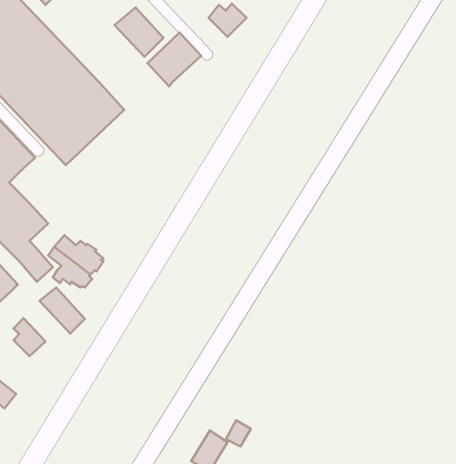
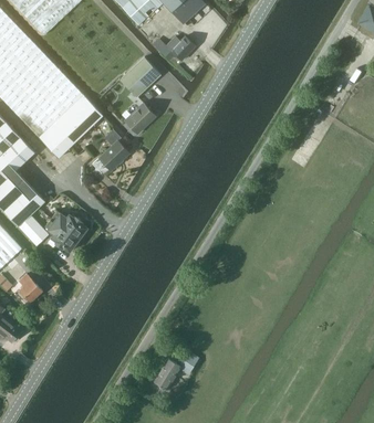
building: [114,7,163,57] -> none
building: none -> [124,102,155,134]
building: none -> [92,139,129,170]
building: [40,288,85,334] -> none

